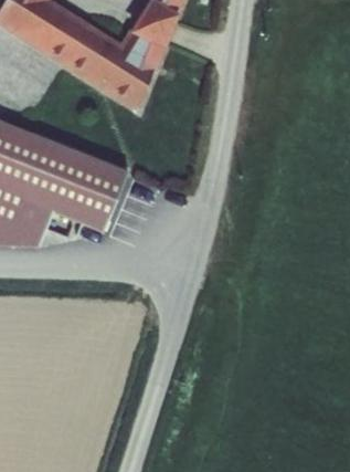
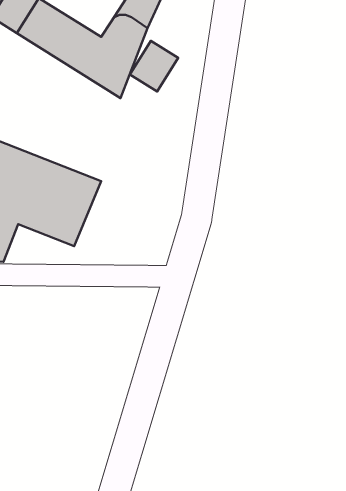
building: none -> [130,41,178,92]

